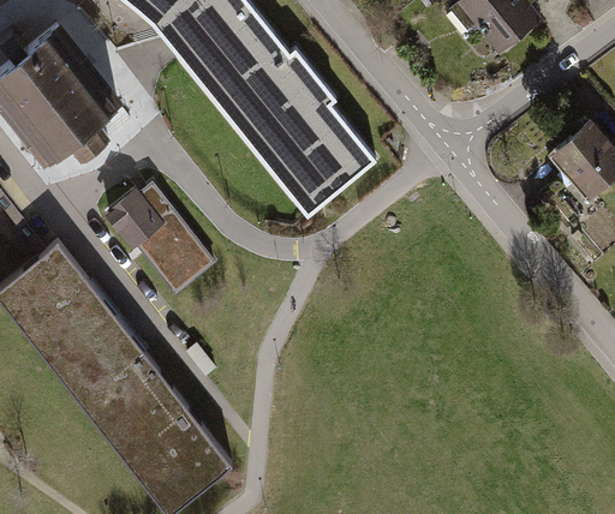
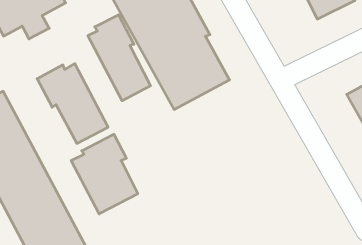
building: none -> [88,15,150,101]
building: none -> [71,134,138,214]

